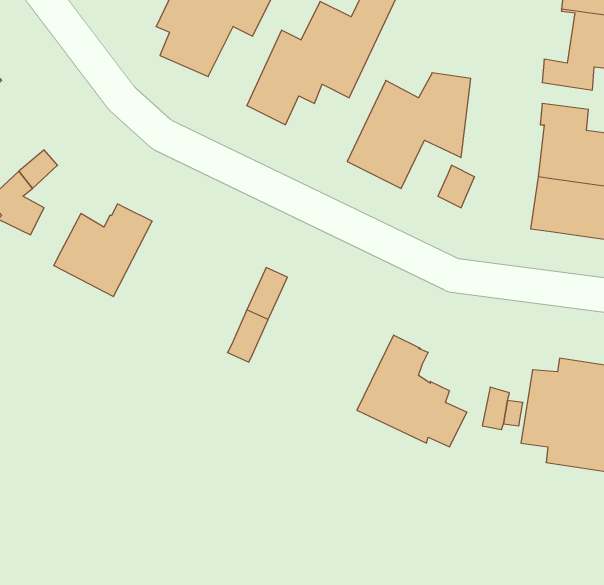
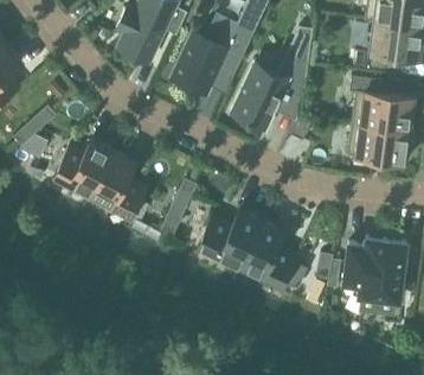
building: none -> [89,151,146,218]
building: none -> [197,211,261,267]

